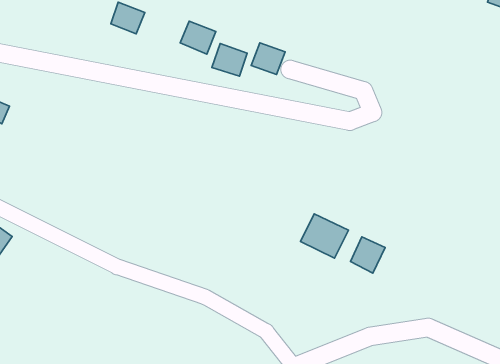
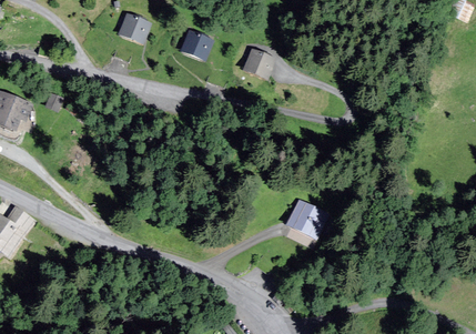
building: [212,44,247,76] -> none
building: [350,237,385,273] -> none

